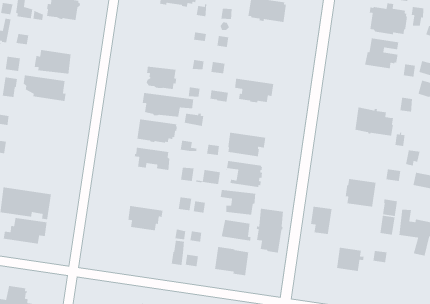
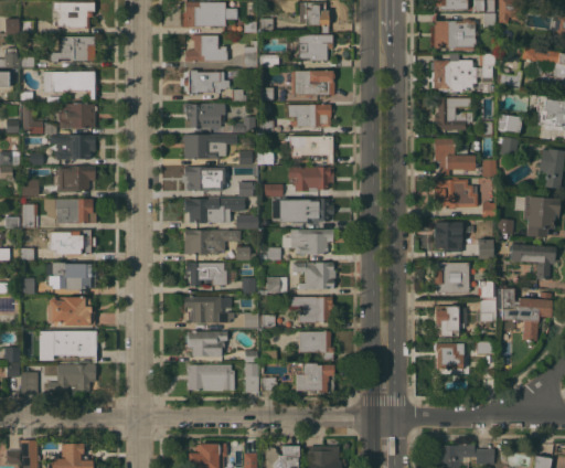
building: none -> [184,104,223,128]
building: none -> [53,135,96,160]
building: none -> [288,104,333,127]
building: none -> [182,135,237,159]
building: none -> [289,136,334,164]
building: none -> [434,138,475,176]
building: none -> [45,230,95,255]
building: none -> [279,199,333,223]
building: none -> [49,263,96,289]
building: none -> [434,222,462,253]
building: none -> [47,297,95,326]
building: none -> [183,297,234,323]
building: [310,206,332,235] -> [435,306,458,337]
building: [256,208,284,253] -> none
building: none -> [188,364,234,390]

